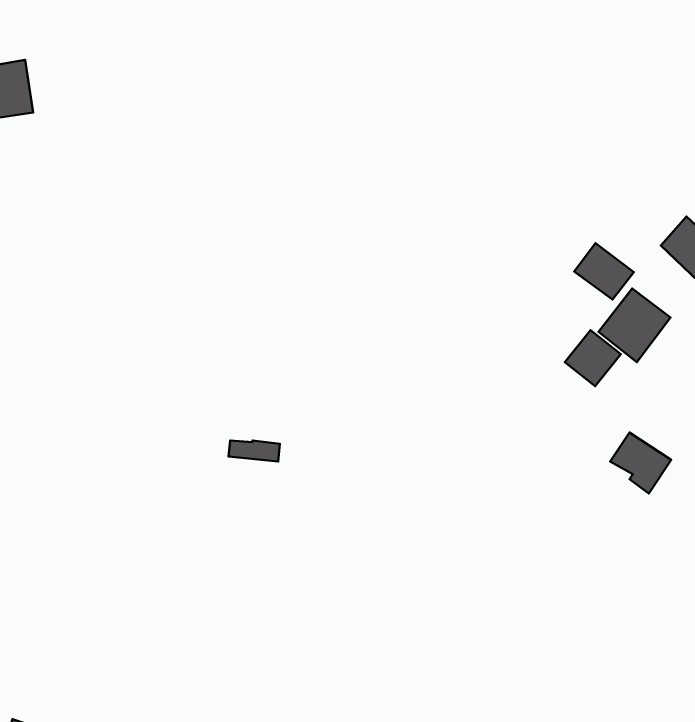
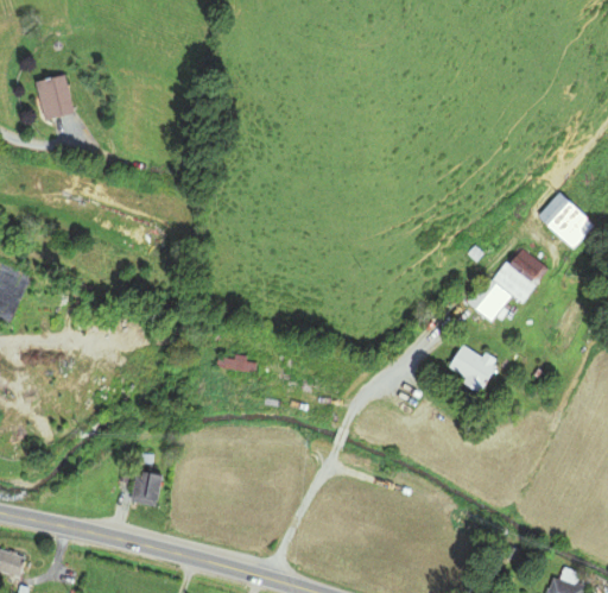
building: [574,243,634,299] -> none
building: [610,433,671,493] -> [449,345,494,390]
building: none -> [131,471,162,504]

